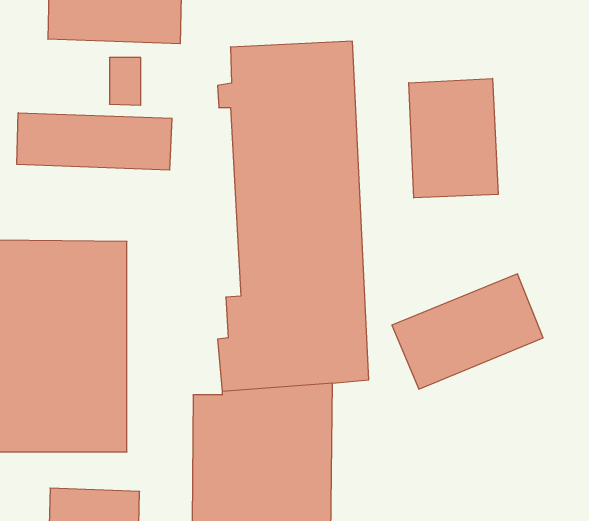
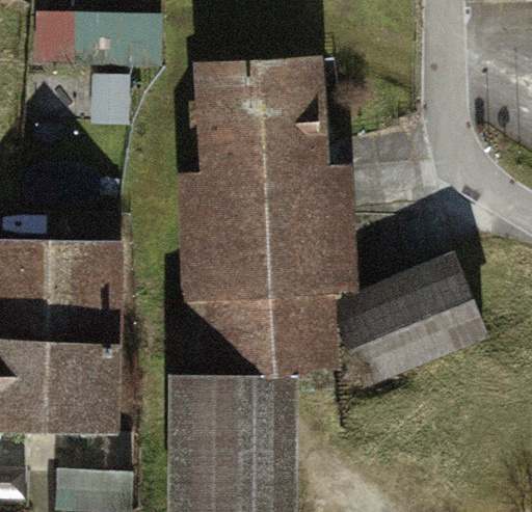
building: [409,78,498,198] -> none
building: [17,113,172,170] -> none

